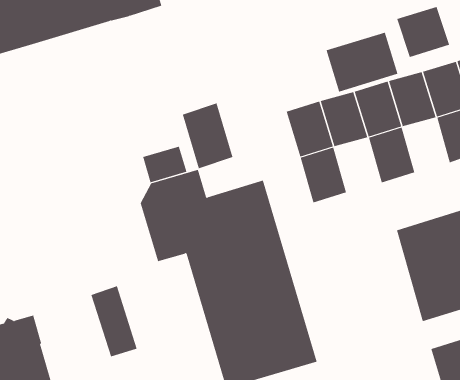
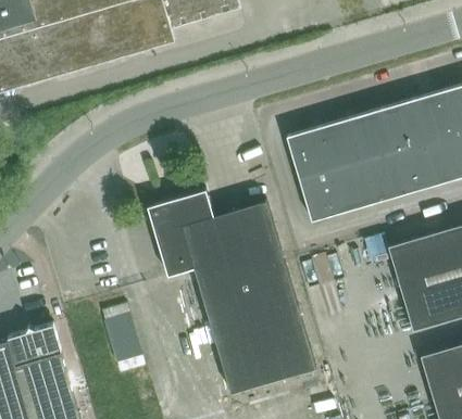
building: [397,6,450,58] -> none
building: [326,32,398,92] -> none
building: [182,103,233,169] -> none
building: none -> [394,143,437,194]
building: none -> [330,162,374,213]
building: [142,146,187,183] -> none

